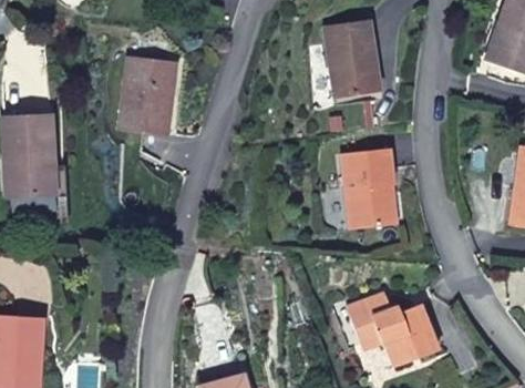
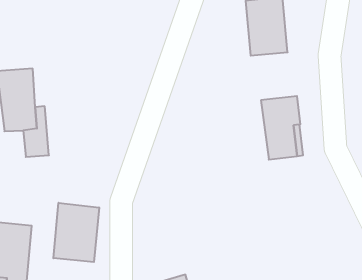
building: [121,55,173,131] -> none
building: none -> [53,203,99,262]
building: [350,299,441,370] -> none

